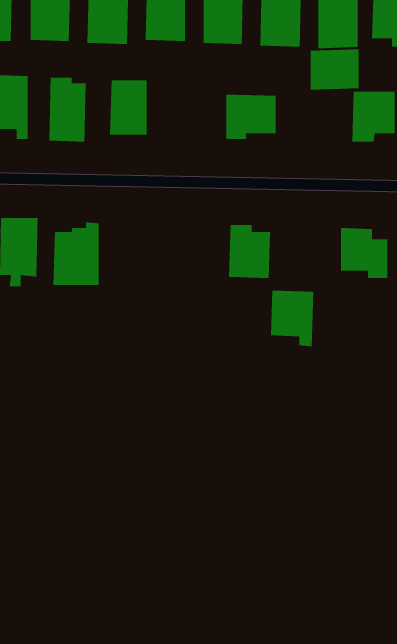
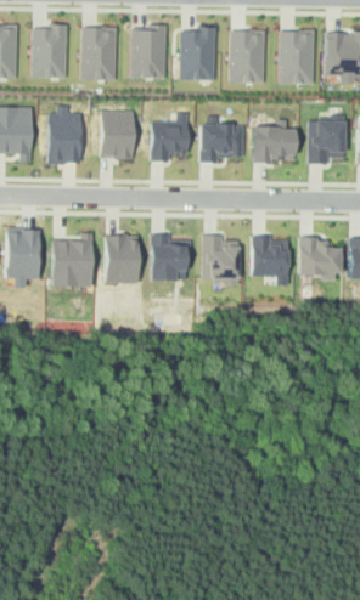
building: [310,49,360,90] -> [253,126,296,162]
building: none -> [150,112,187,162]
building: none -> [150,233,187,281]
building: none -> [105,234,137,283]
building: [270,290,314,347] -> [251,237,288,285]

